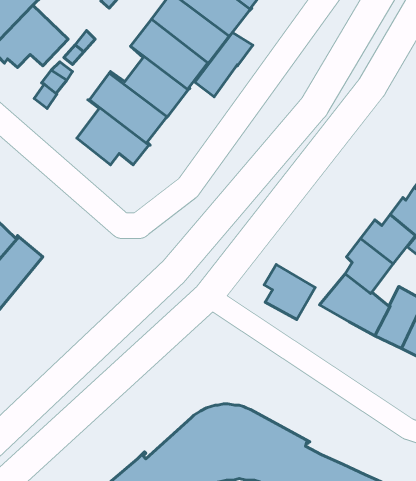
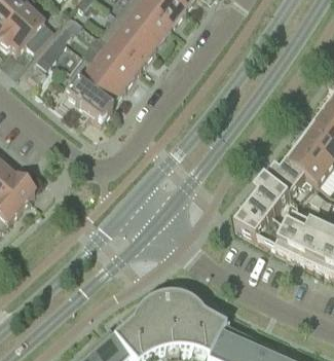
building: [195,32,253,97] -> none
building: [264,265,315,319] -> none

